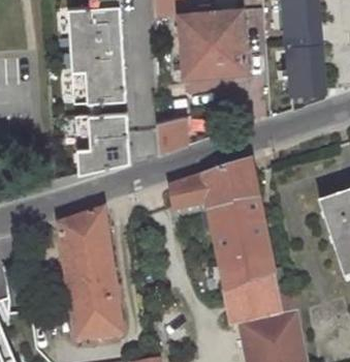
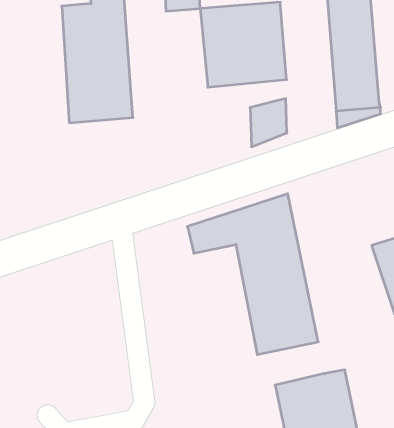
building: [75,112,128,173] -> none
building: [156,115,186,154] -> [250,99,287,147]
building: [59,210,124,340] -> none
building: [226,282,281,320] -> none

